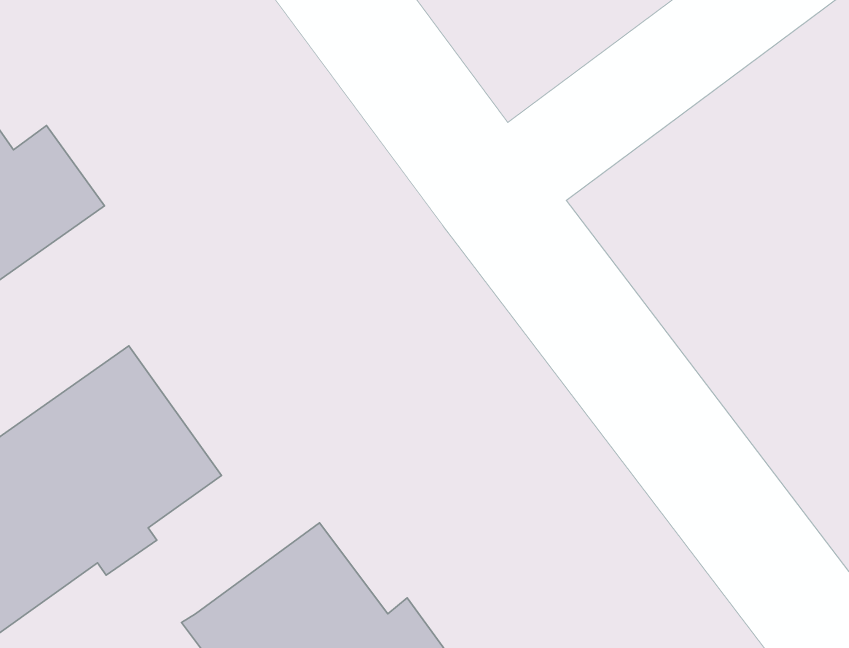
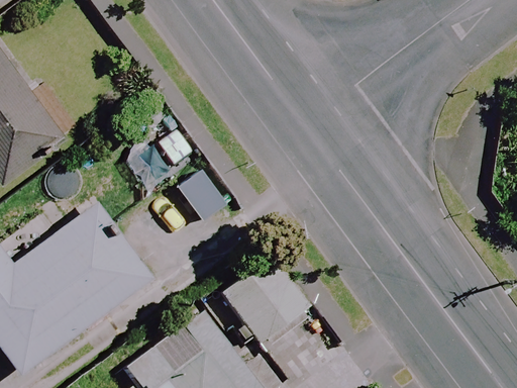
building: none -> [217,255,304,344]

